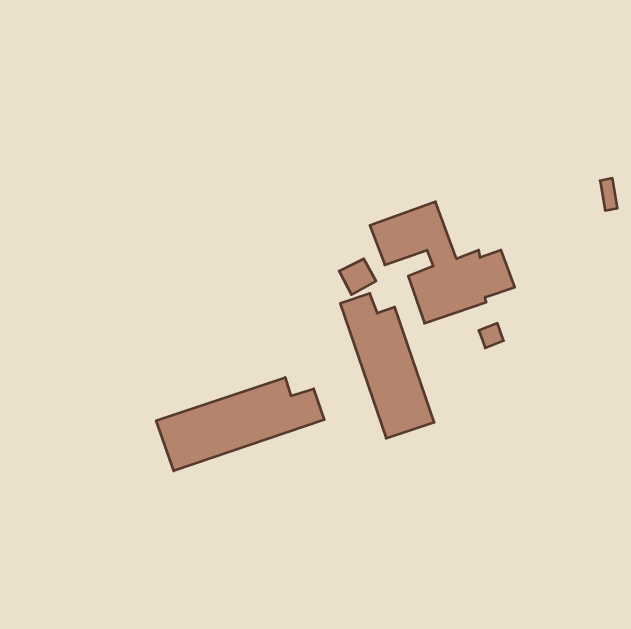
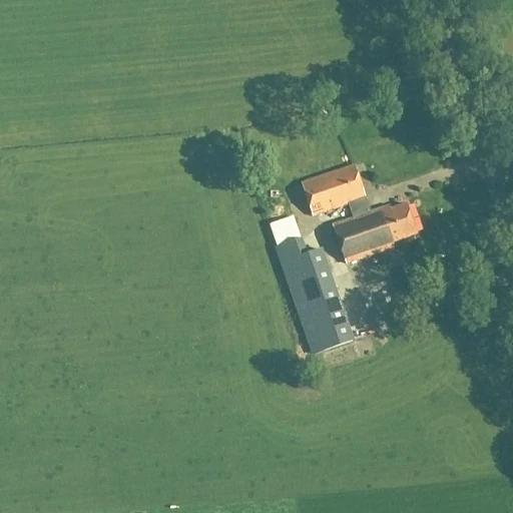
building: [156,377,324,471] -> none

